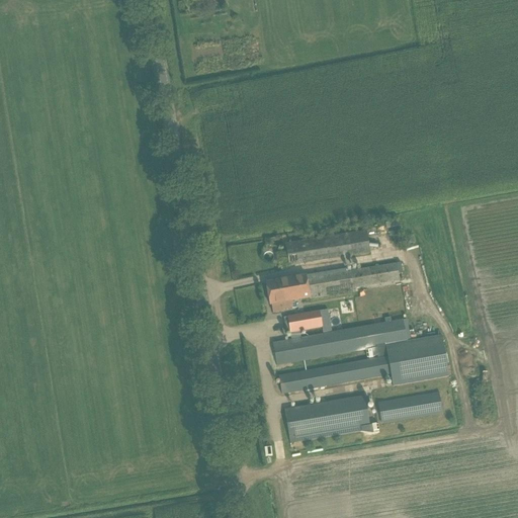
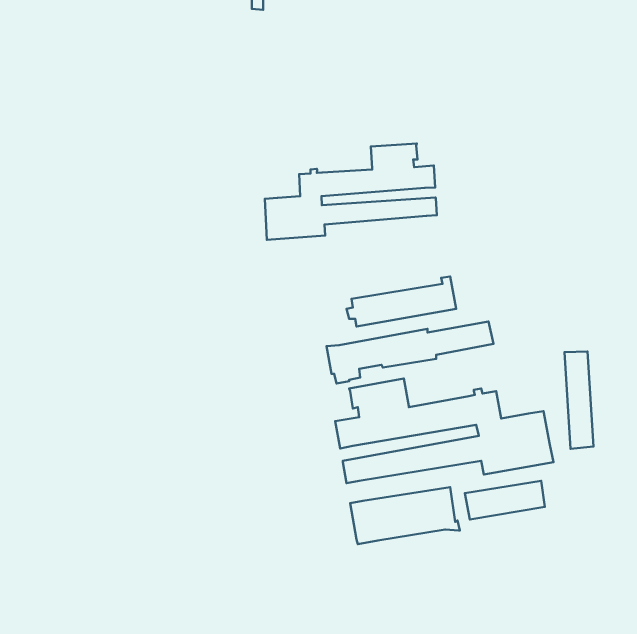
building: none -> [265,143,437,240]
building: none -> [565,351,593,449]

